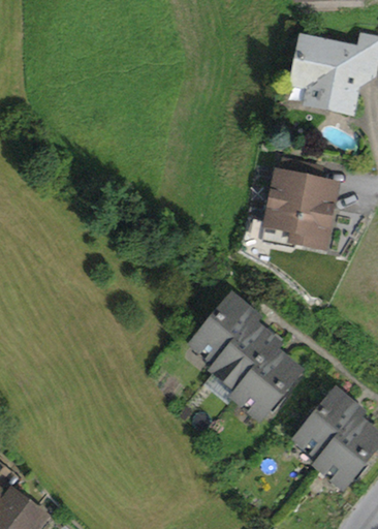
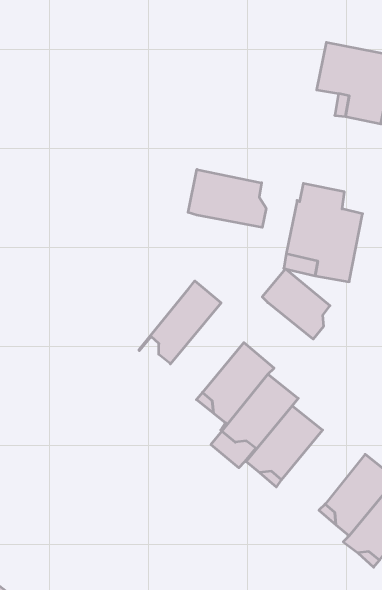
building: none -> [188,169,266,227]
building: none -> [262,269,330,339]
building: none -> [139,281,221,364]

